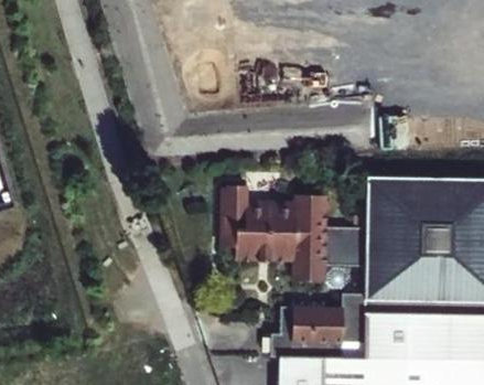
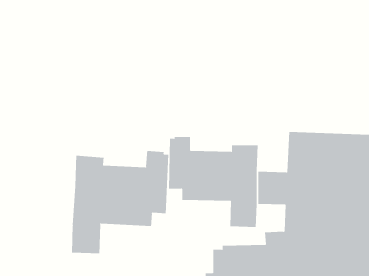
building: none -> [71,150,169,254]

